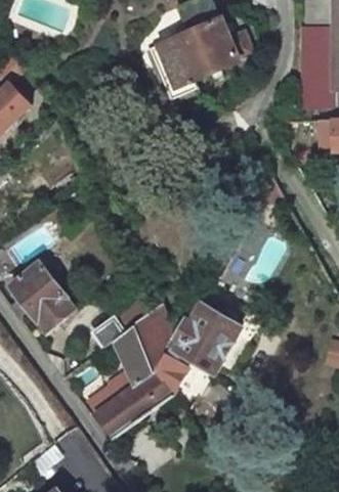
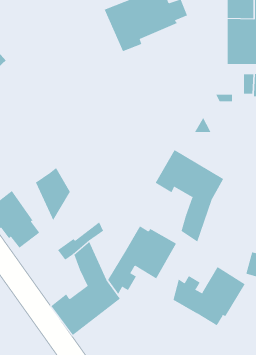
building: none -> [155,149,224,243]
building: [133,305,176,370] -> [35,167,71,222]
building: none -> [173,266,246,326]

